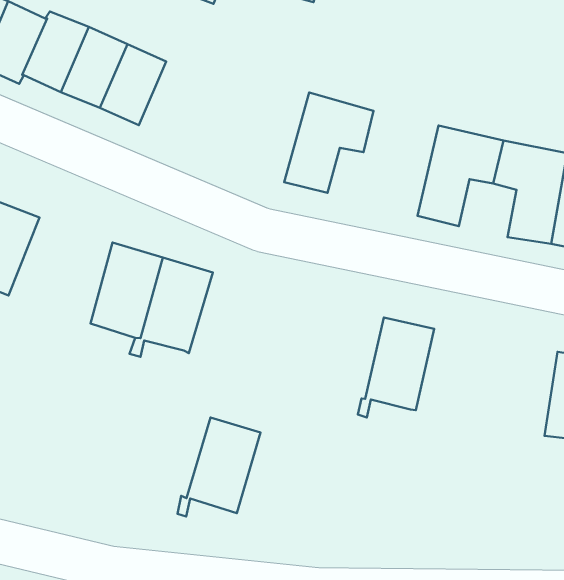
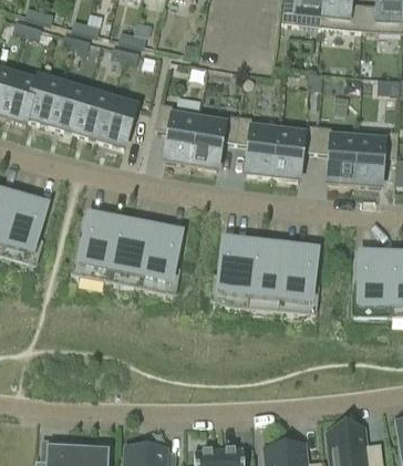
building: none -> [100,100,136,147]
building: none -> [155,102,199,164]
building: none -> [236,115,279,175]
building: none -> [223,235,259,288]
building: none -> [280,241,321,302]
building: [177,417,261,517] -> [141,222,185,283]

